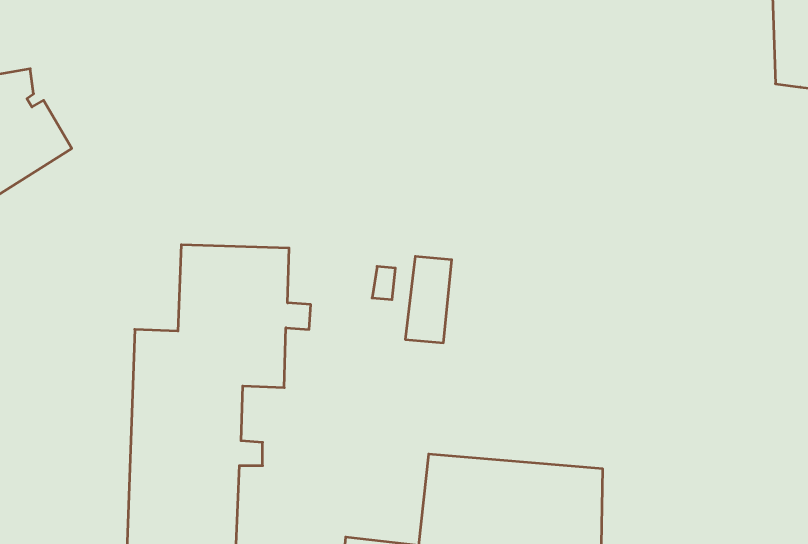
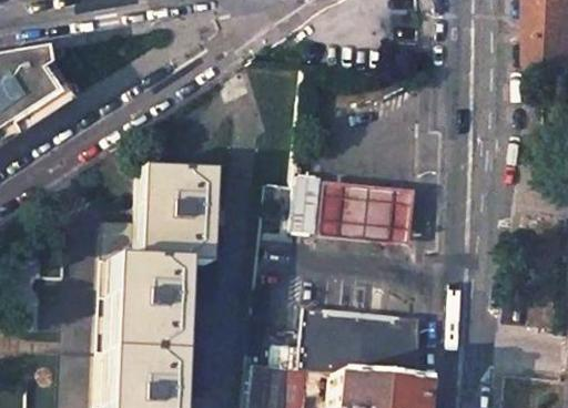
building: none -> [317,182,415,245]

